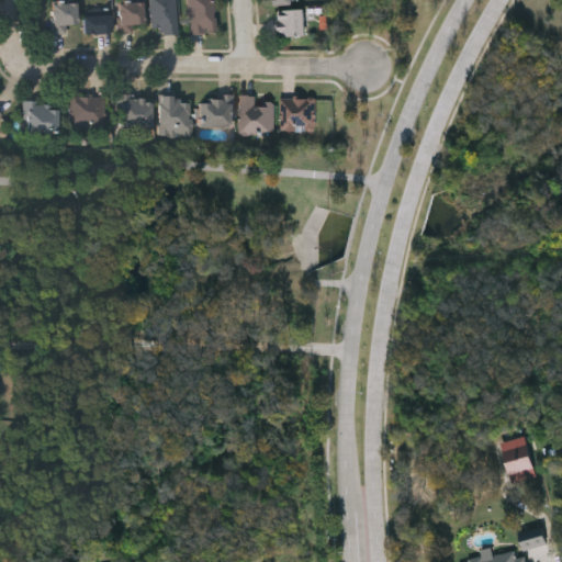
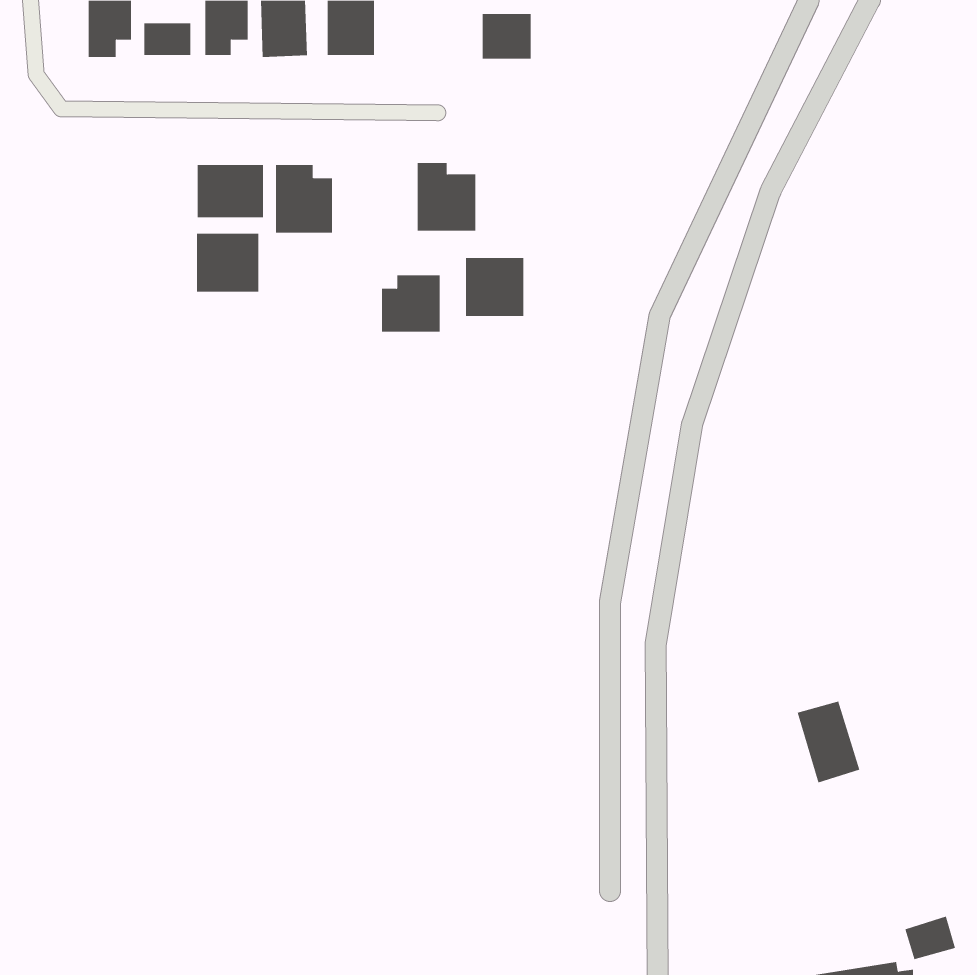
building: [69,94,105,128] -> [196,233,259,292]
building: [198,94,232,127] -> [381,275,440,332]
building: [281,97,315,131] -> [465,257,524,317]
building: [25,101,57,133] -> none
building: [501,437,537,484] -> [797,701,860,783]

